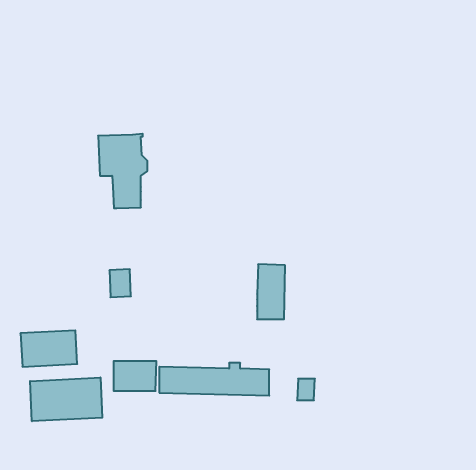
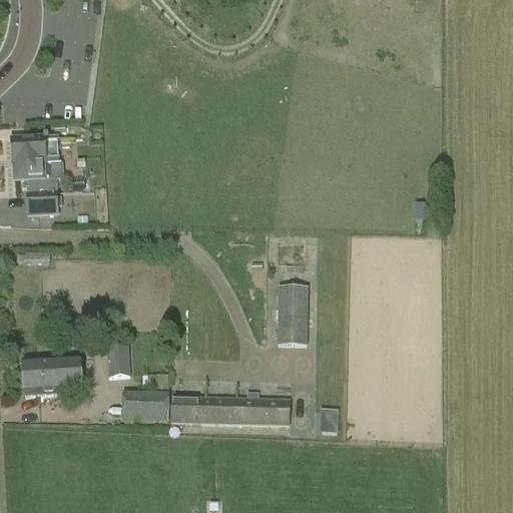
building: [98,134,147,208] -> [11,134,64,214]
building: [109,269,131,297] -> [107,346,130,376]
building: [30,377,102,421] -> none

